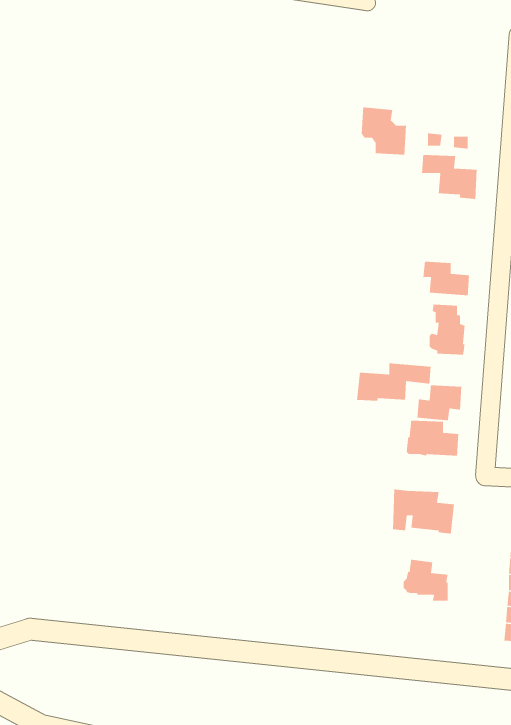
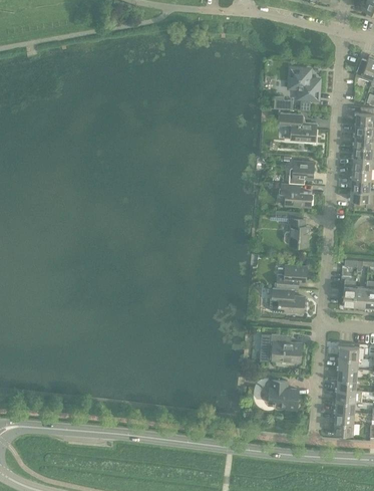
building: [361,106,407,155] -> [289,66,319,98]
building: none -> [288,158,314,183]
building: [356,362,431,402] -> none

